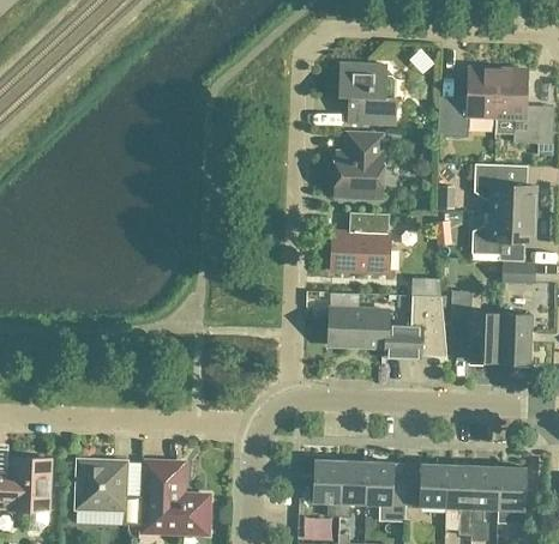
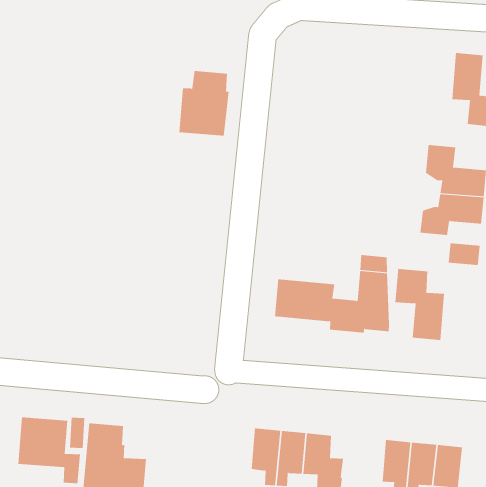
building: [338,64,397,126] -> none
building: [438,68,498,138] -> none
building: [335,134,384,199] -> [179,71,229,136]
building: [331,212,390,273] -> none
building: [499,314,530,363] -> none
building: [405,465,447,508] -> none

